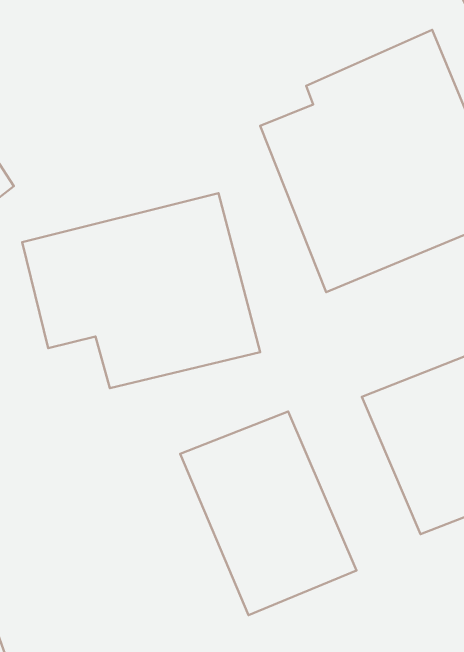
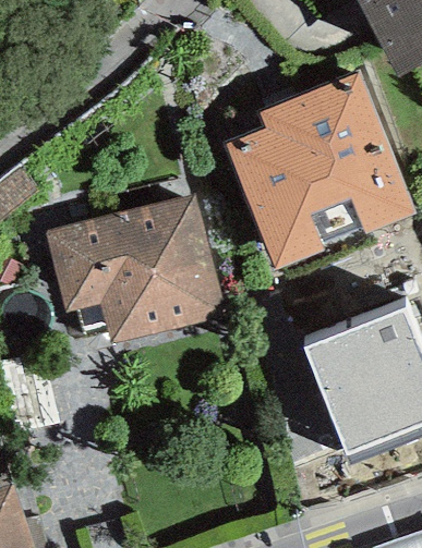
building: [180,412,356,615] -> none

